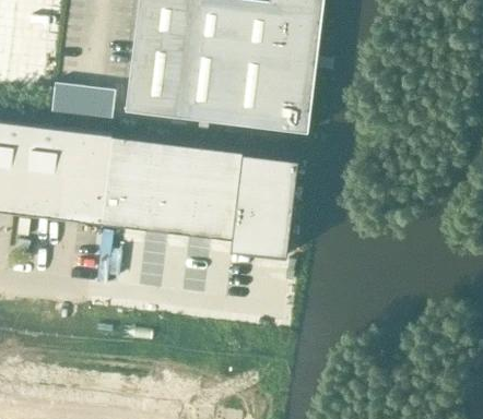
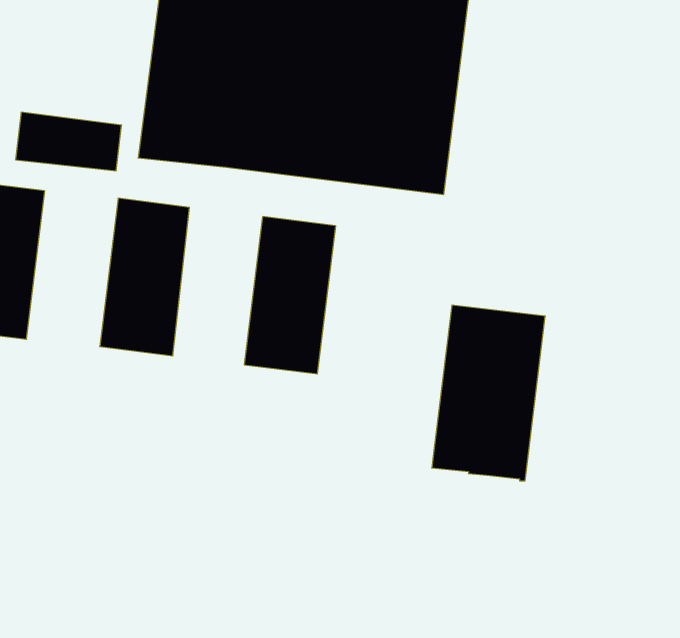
building: [58,131,113,224] -> none
building: [145,141,199,235] -> none
building: [231,152,298,256] -> [432,305,545,481]

